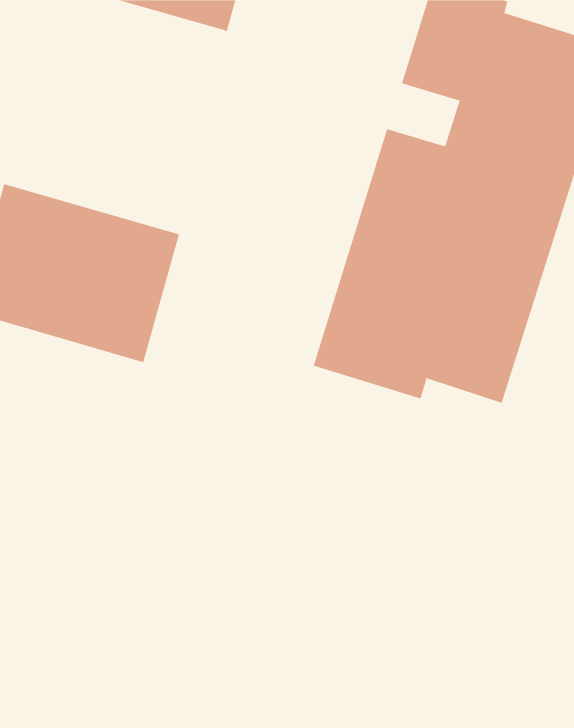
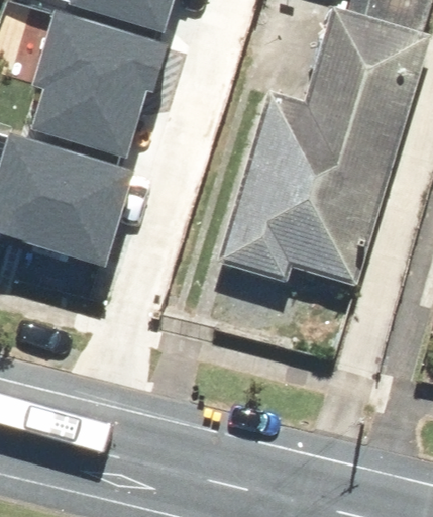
building: none -> [33,10,170,154]

